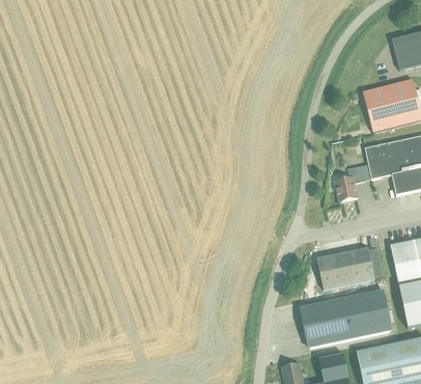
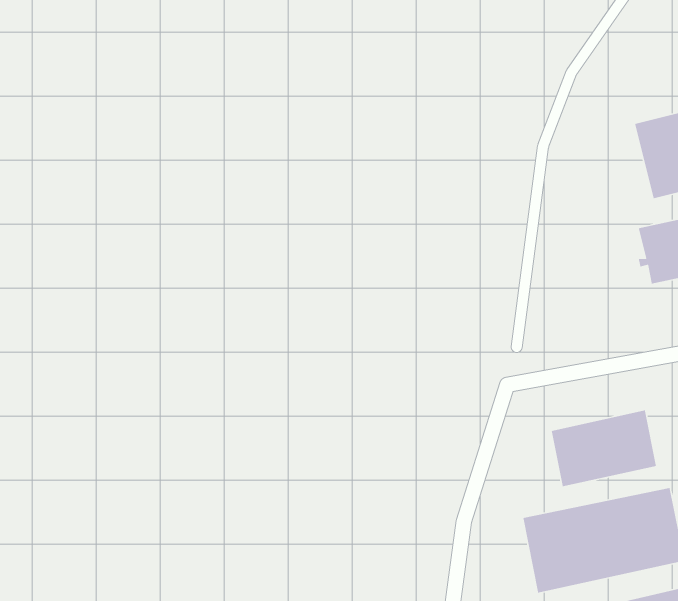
building: [335,164,365,200] -> none

